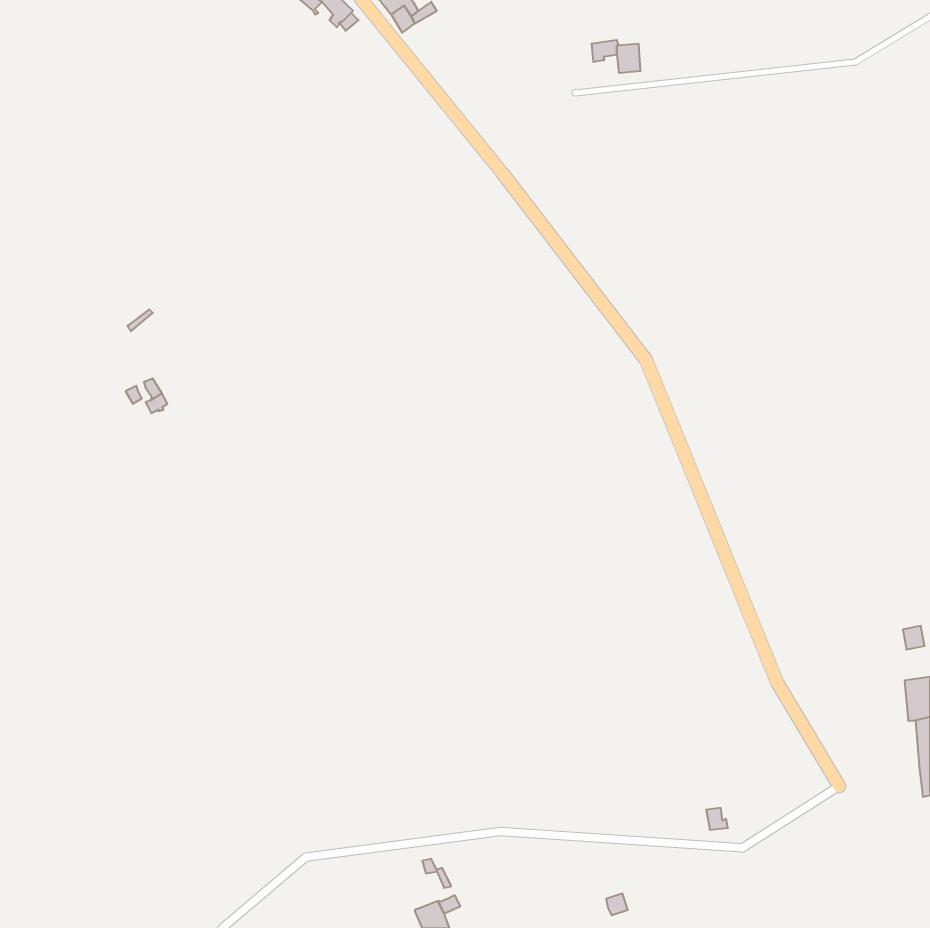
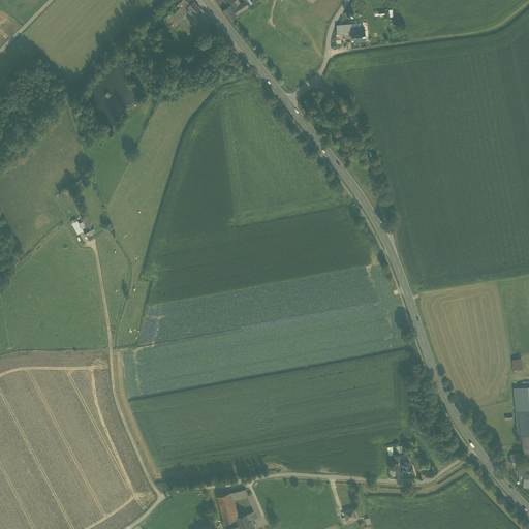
building: none -> [217,490,239,523]

